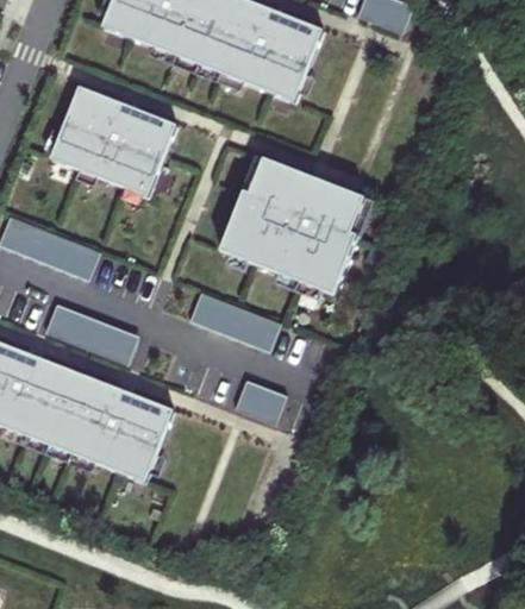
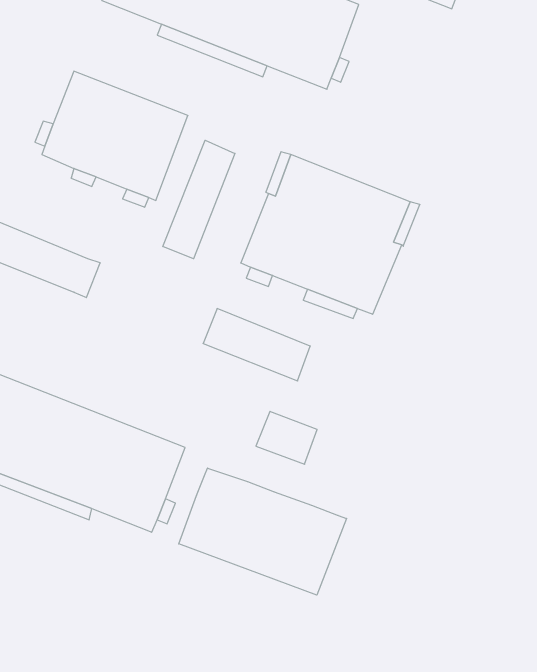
building: none -> [163,140,235,259]
building: [44,301,138,363] -> none
building: none -> [179,468,347,595]

